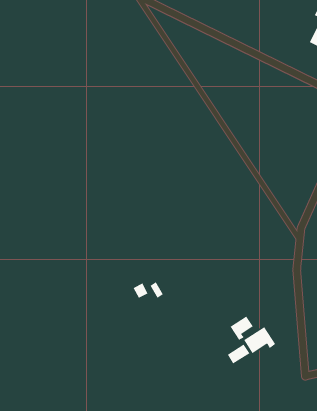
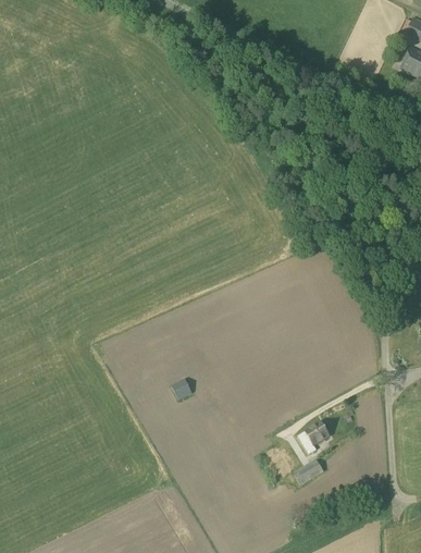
building: [243,326,276,354] -> none

